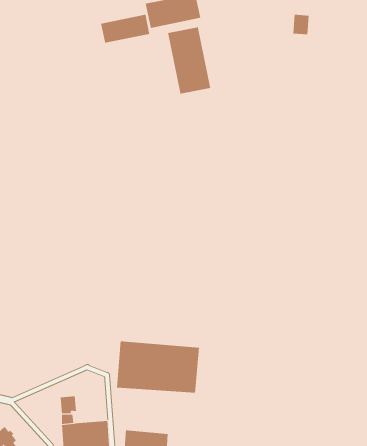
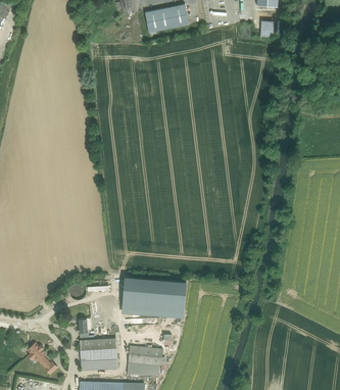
building: [101,14,150,44] -> none
building: [167,26,211,95] -> none

